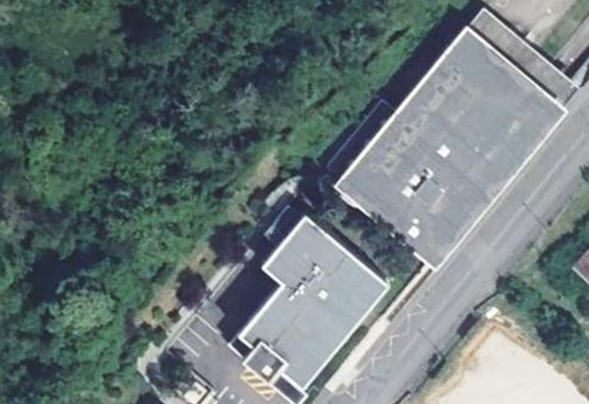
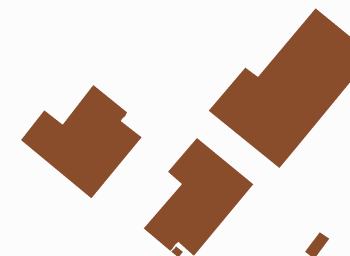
building: none -> [20,84,143,199]

